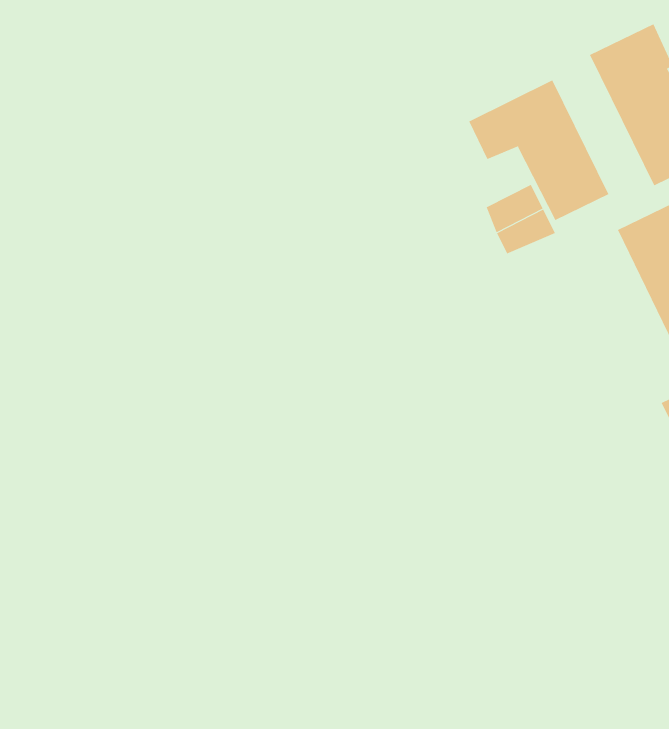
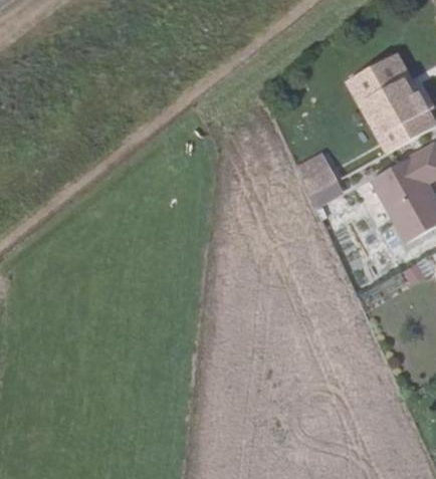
building: [468,80,609,221] -> none

